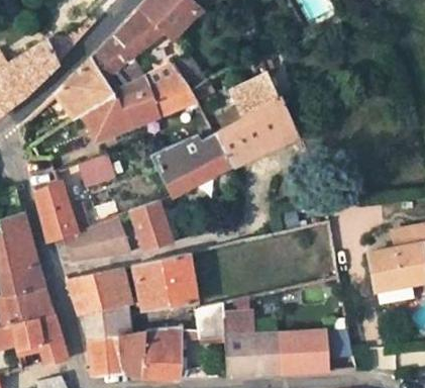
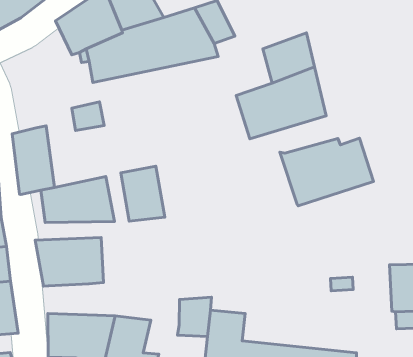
building: [151,131,233,196] -> [280,138,373,206]
building: [131,253,196,310] -> none
building: [85,308,129,338] -> none

